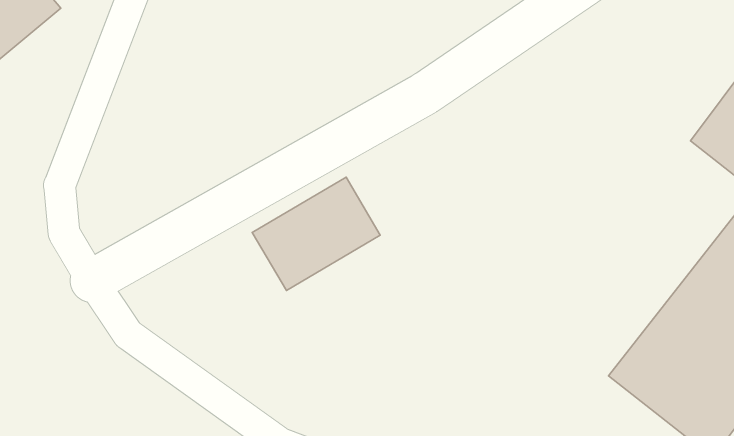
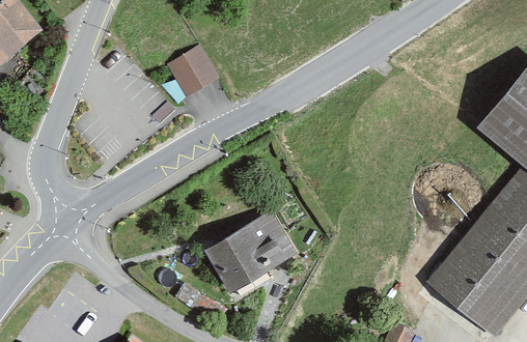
building: none -> [169,49,217,96]
building: [252,177,380,290] -> [206,213,296,292]

